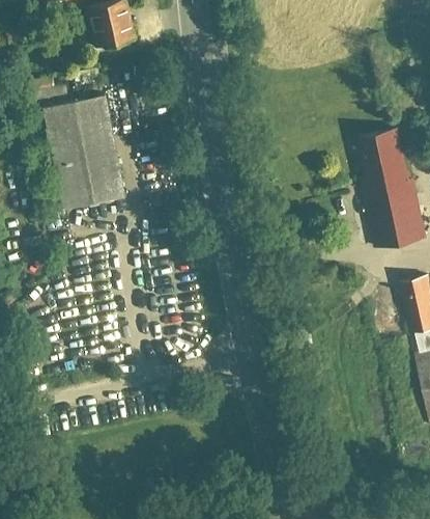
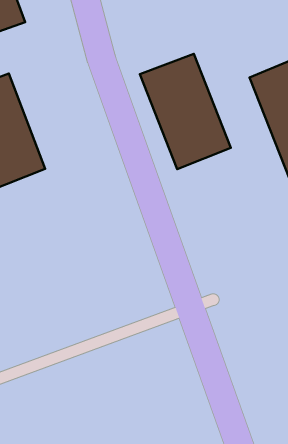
building: none -> [140,54,231,169]

